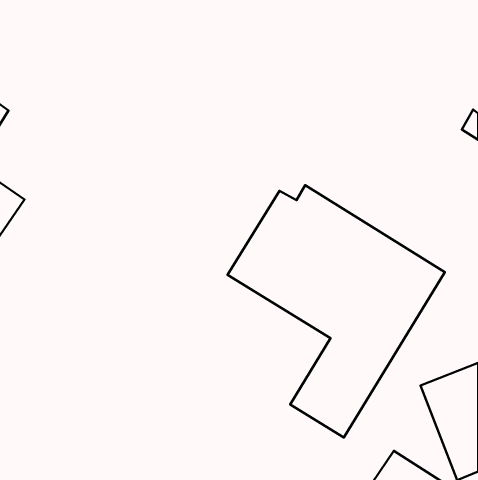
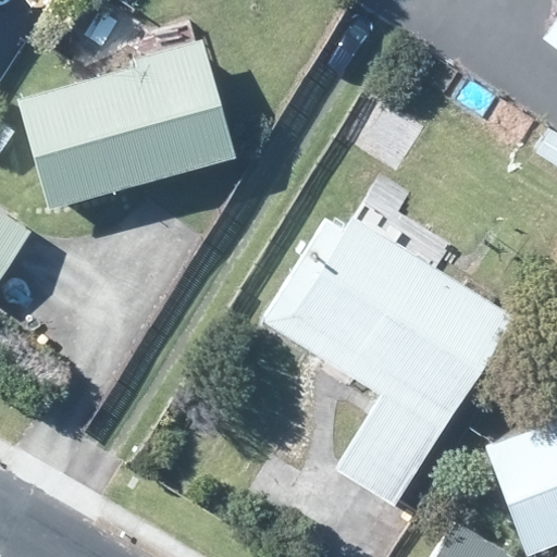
building: none -> [18,40,236,210]

